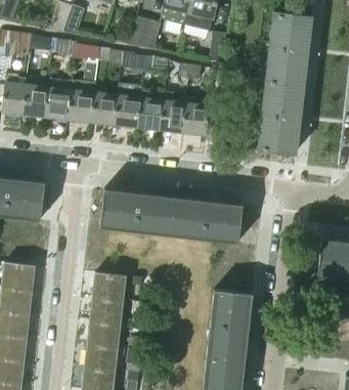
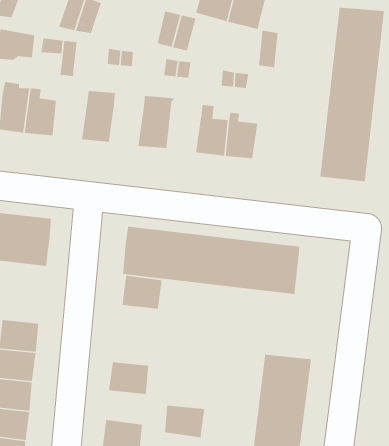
building: [46,78,74,120] -> none
building: [137,89,164,130] -> none
building: [91,93,118,125] -> none
building: [93,272,126,300] -> [122,275,163,309]
building: [88,320,121,347] -> [164,405,205,438]

